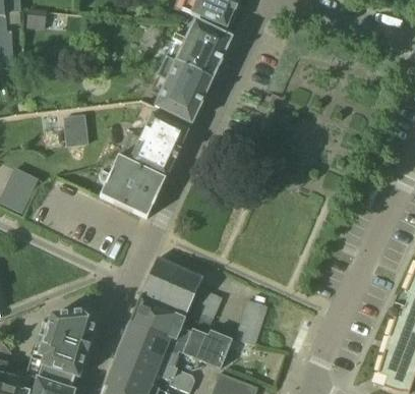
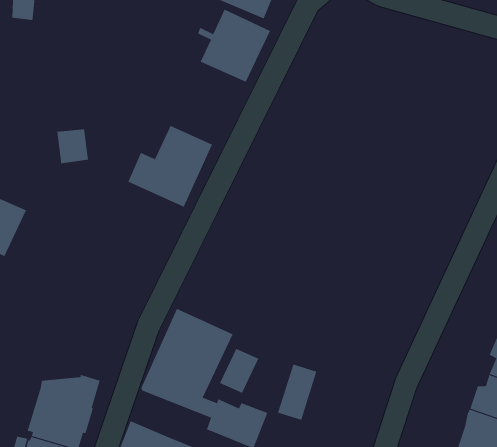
building: [156,56,214,122] -> none
building: [101,156,165,216] -> none
building: [122,321,185,357] -> none

